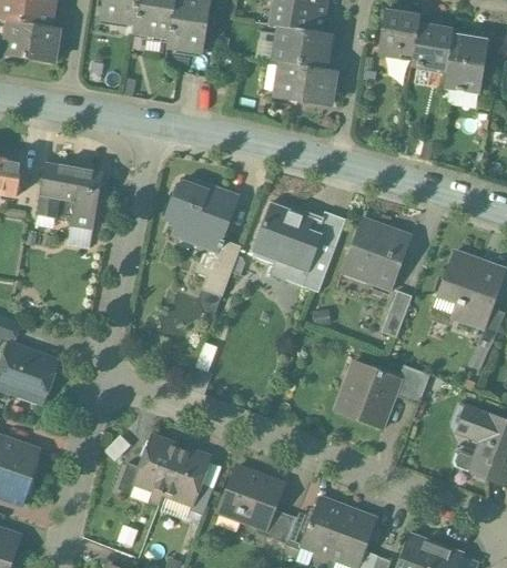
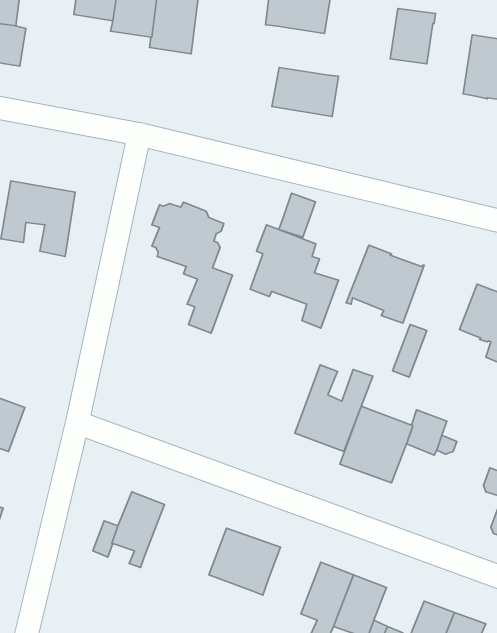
building: [409,23,452,70] -> none
building: [272,26,329,69] -> none
building: [312,211,344,250] -> [279,193,315,237]
building: none -> [295,365,373,451]
building: [162,447,209,503] -> none
building: [255,508,296,544] -> none

